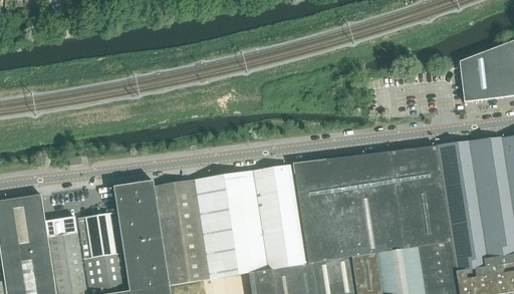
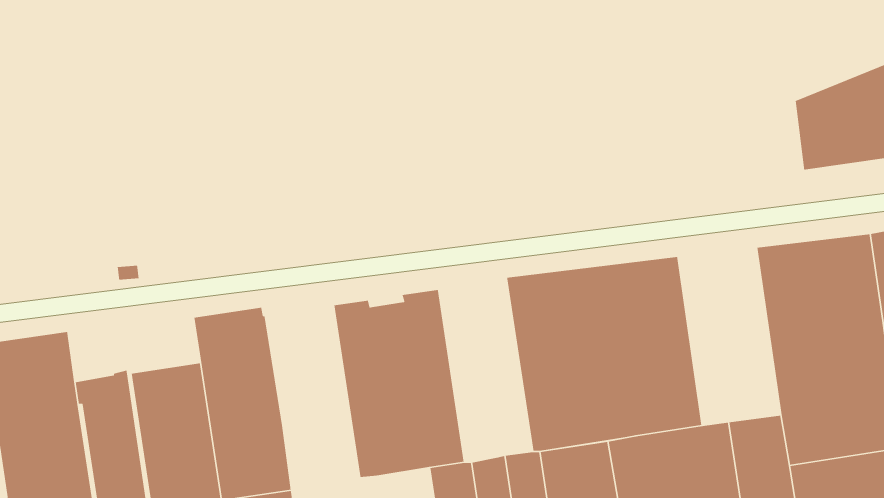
building: [392,145,451,248] -> none
building: [254,164,308,269] -> none
building: [155,179,209,285] -> none

